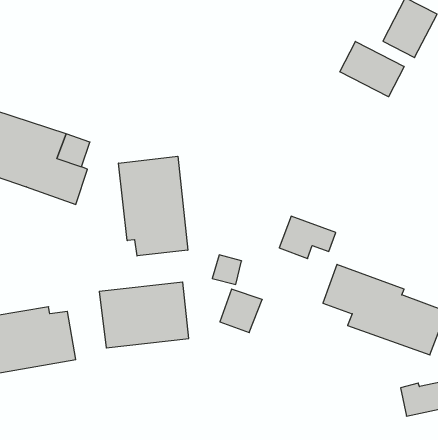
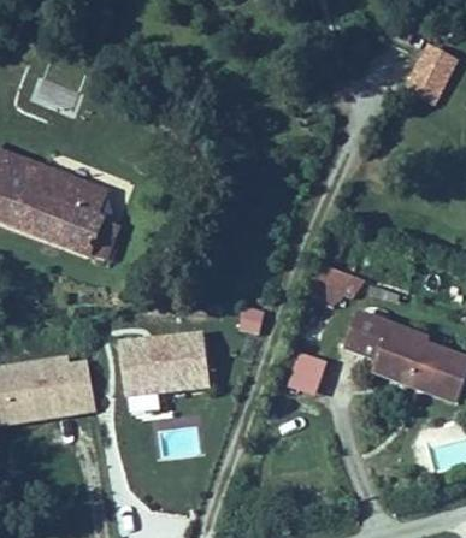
building: [340,41,404,97] -> none
building: [119,156,188,256] -> none
building: [220,289,262,333] -> [284,350,328,395]

